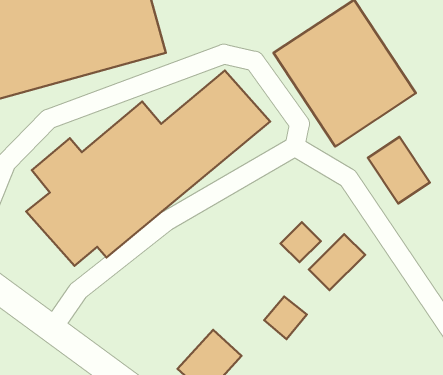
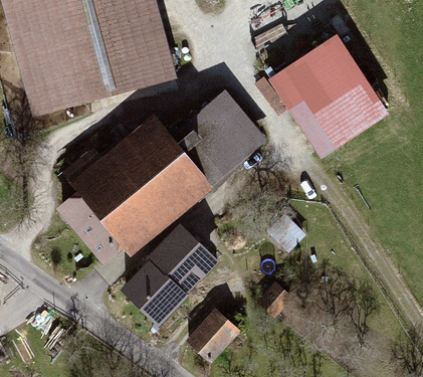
building: [368,137,430,204] -> none
building: none -> [119,226,219,327]
building: [309,234,365,290] -> none

